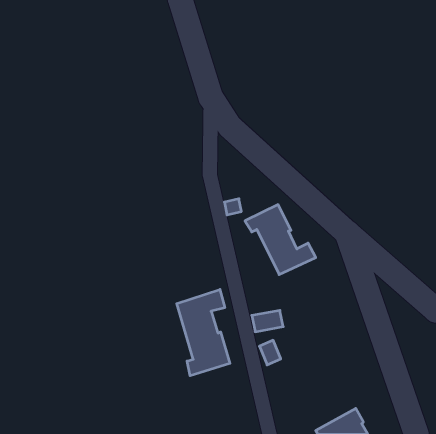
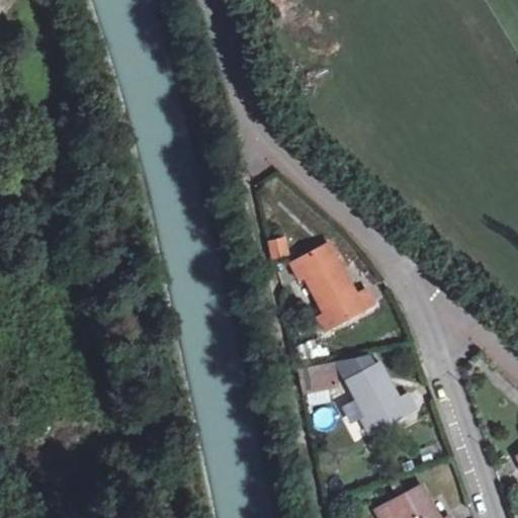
building: [177,289,230,376] -> none
building: none -> [345,364,415,432]

